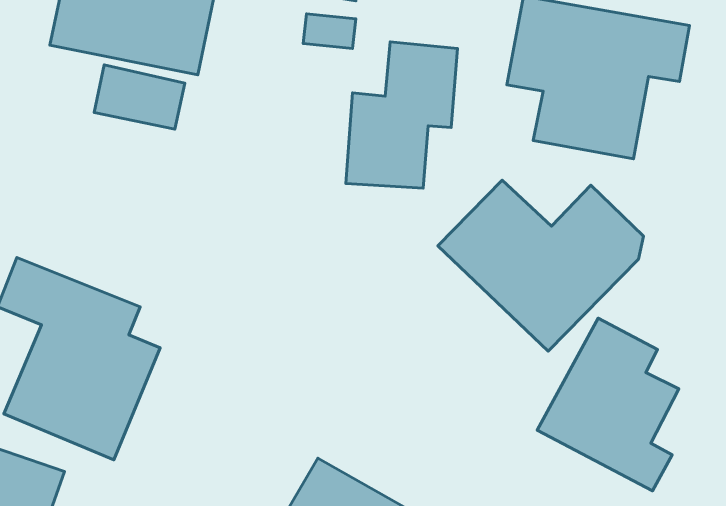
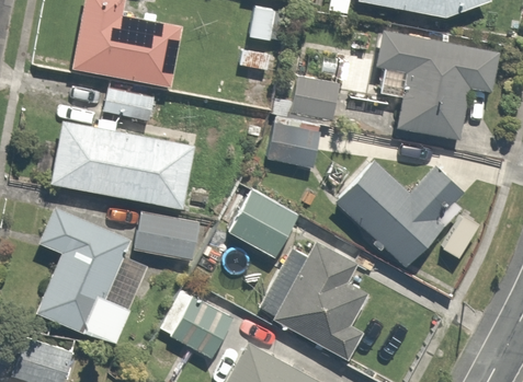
building: none -> [48,123,195,208]
building: none -> [228,185,300,257]
building: none -> [133,209,202,259]
building: [537,318,679,491] -> [273,242,367,357]
building: none -> [158,286,236,359]

